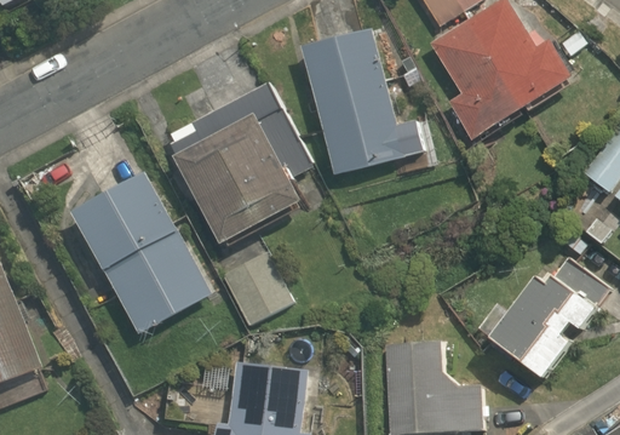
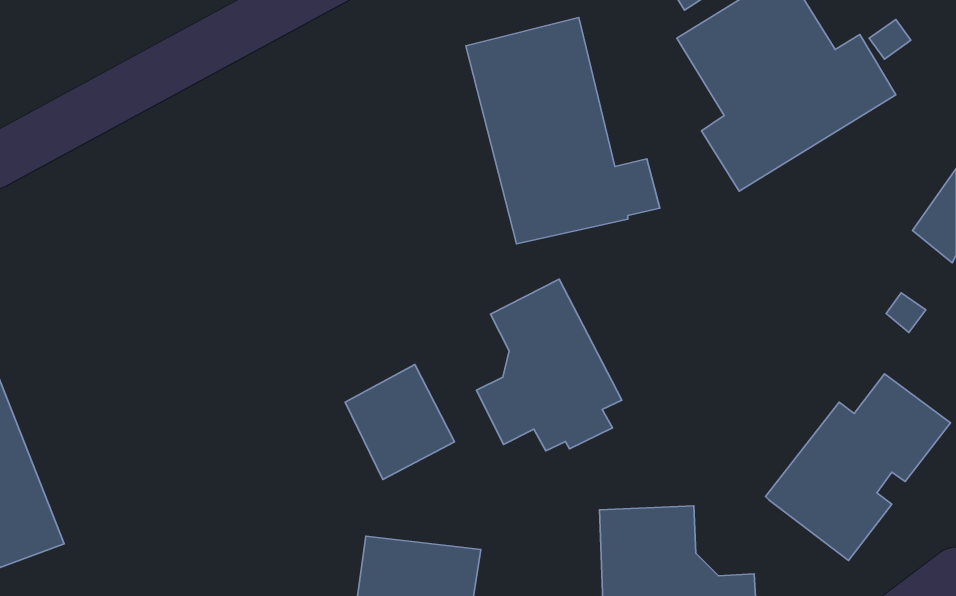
building: [168,81,311,244] -> none
building: [70,171,211,333] -> none
building: none -> [477,279,622,451]

